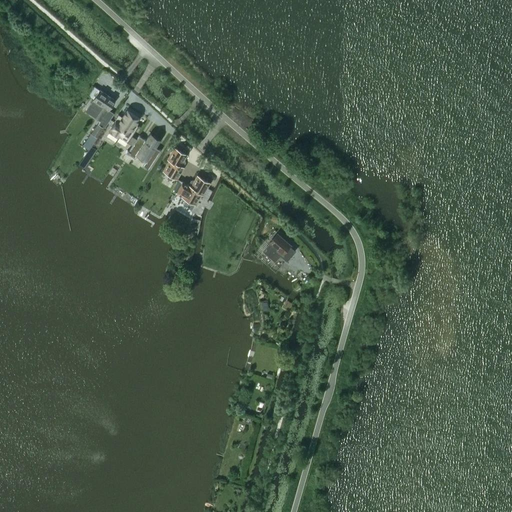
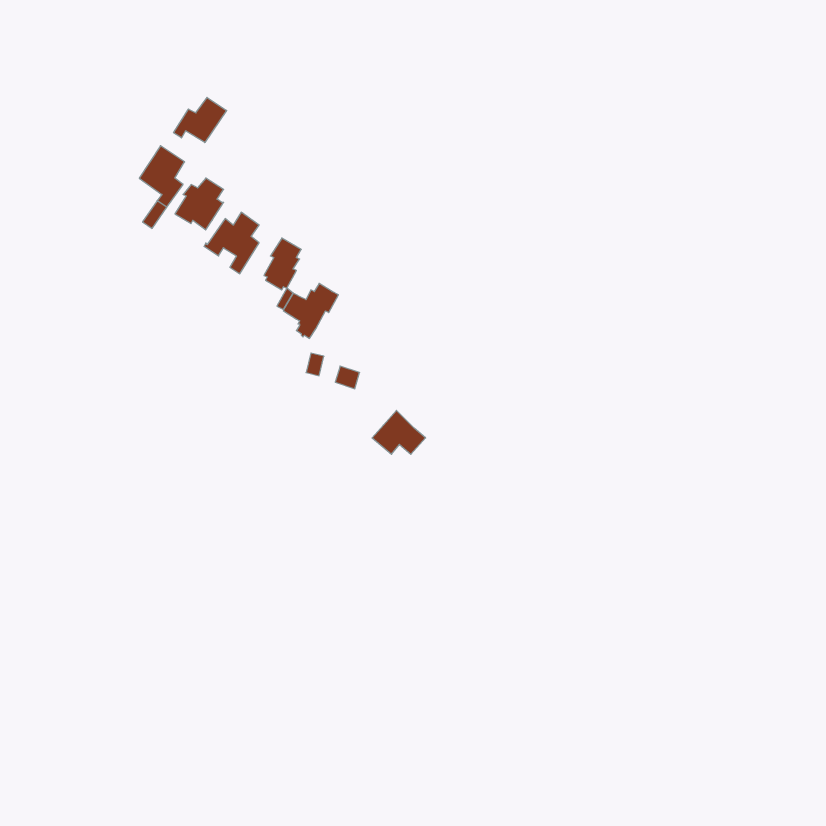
building: none -> [174,97,227,143]
building: [263,235,296,262] -> [372,410,426,454]

